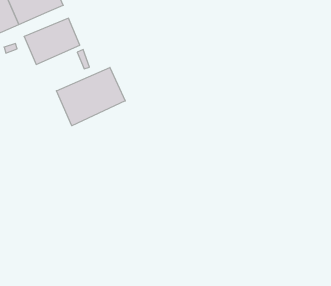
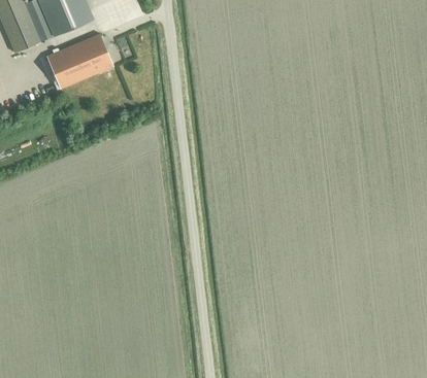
building: [56,67,125,126] -> none

